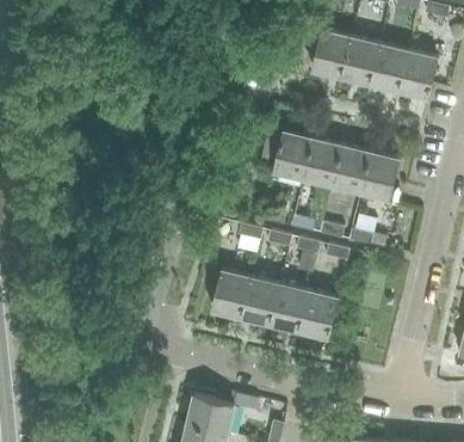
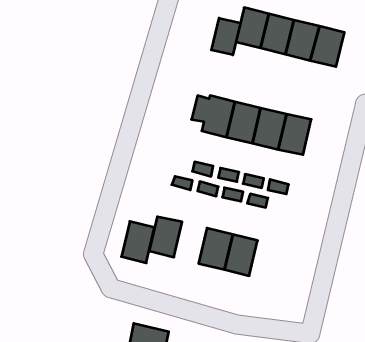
building: none -> [211,18,240,55]
building: [240,276,278,324] -> [121,221,155,263]

